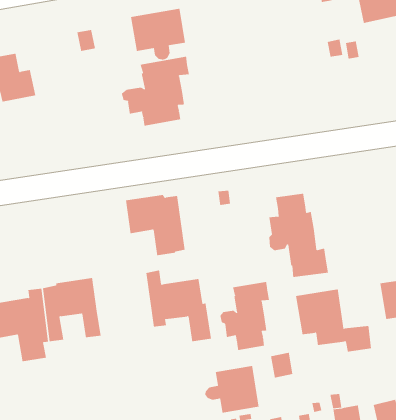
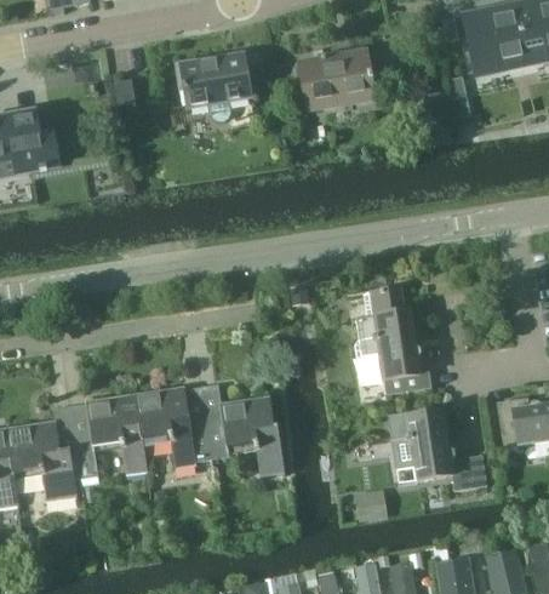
building: none -> [302,52,376,110]
building: [121,56,190,127] -> none
building: [125,194,185,256] -> [135,388,211,466]
building: [220,281,270,351] -> none
building: [205,365,259,414] -> none

